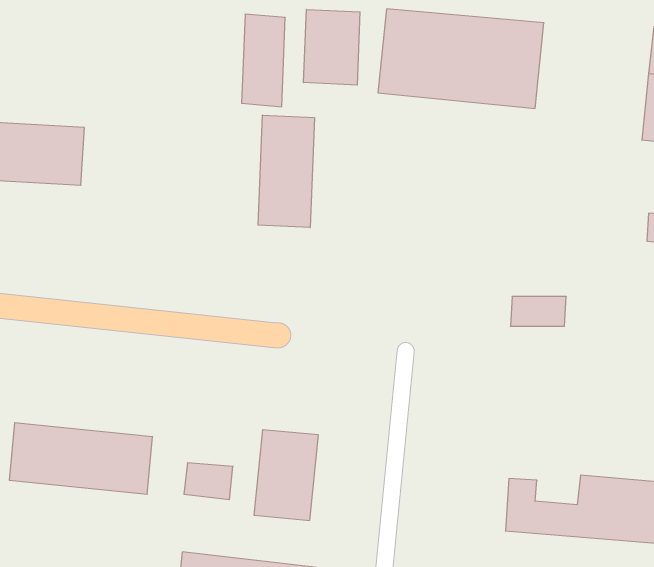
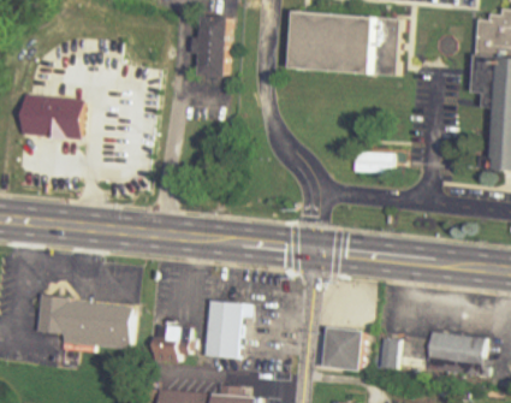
building: [304,9,360,85] -> none
building: [258,115,314,228] -> none
building: [510,297,566,326] -> [350,153,388,173]
building: none -> [323,327,366,374]

